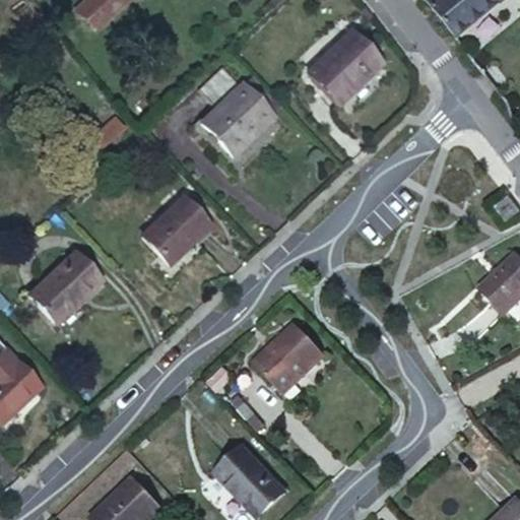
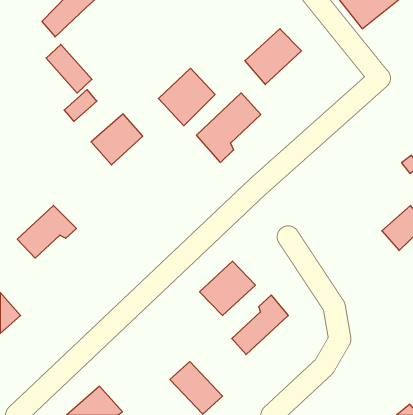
building: none -> [46,44,92,93]
building: none -> [197,93,261,162]
building: [143,197,207,260] -> [91,114,143,165]
building: none -> [232,295,288,355]

